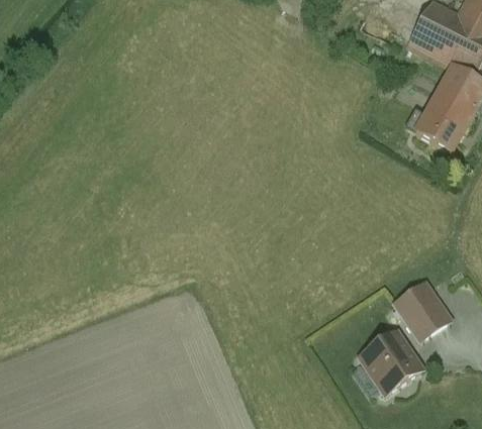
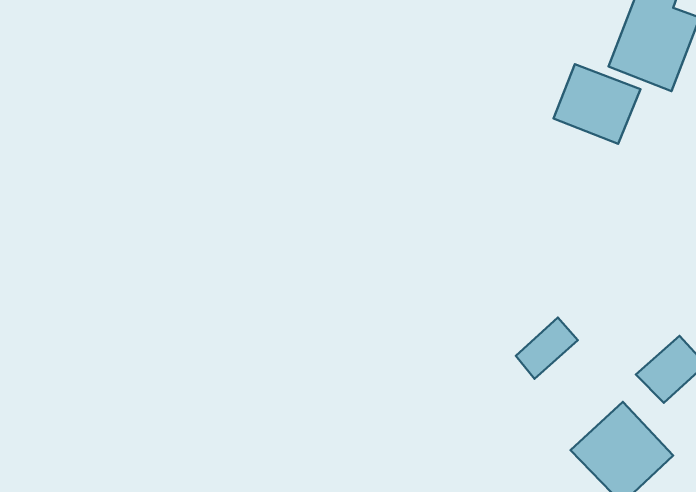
building: none -> [554,64,641,144]
building: [397,282,436,316] -> [516,318,578,379]

